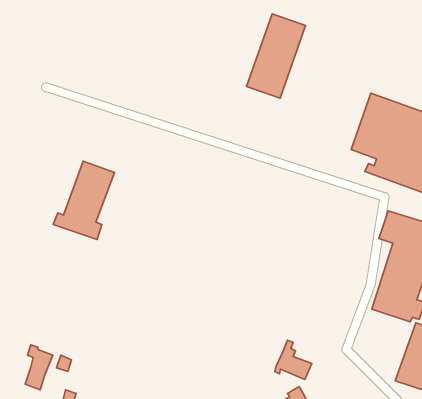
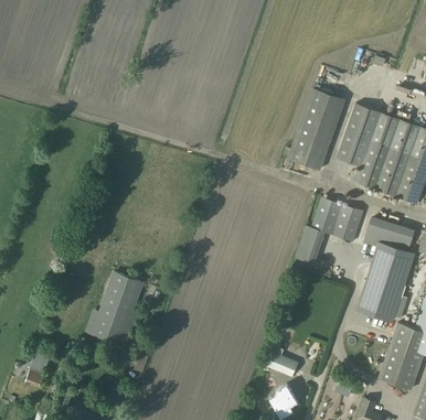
building: [247,14,306,98] -> [289,88,345,169]
building: [53,161,114,240] -> [85,271,143,346]
building: none -> [296,197,363,263]

